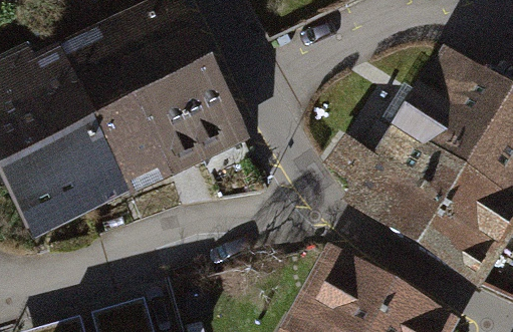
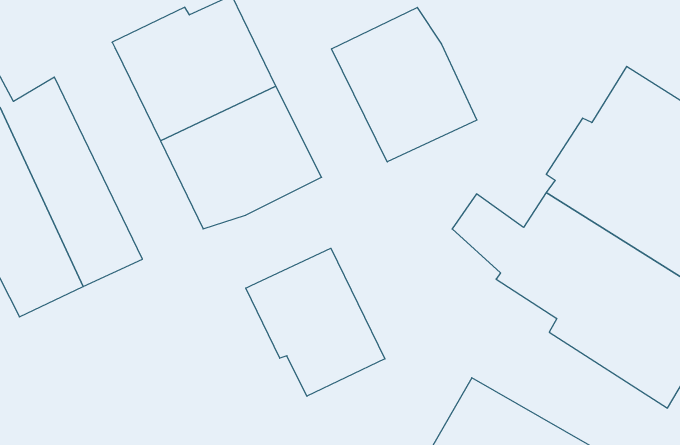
building: none -> [332,7,477,162]
building: [68,42,167,182] -> none
building: none -> [246,248,385,396]

